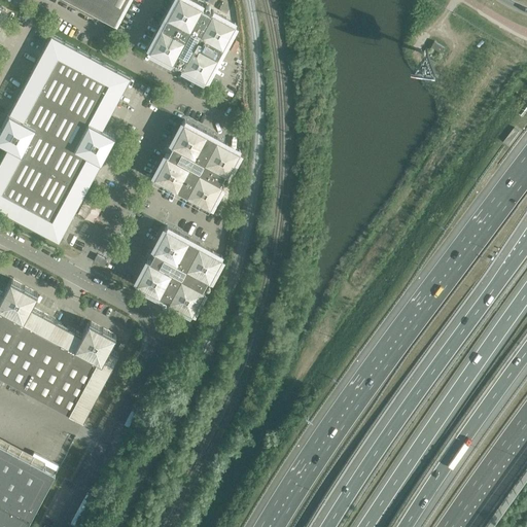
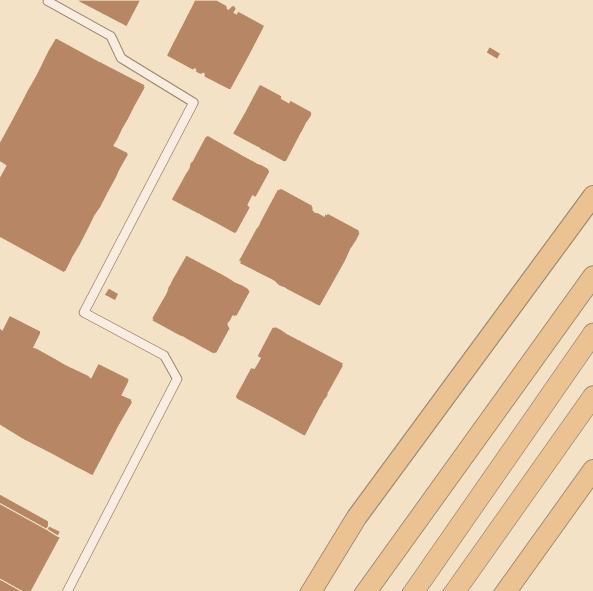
building: none -> [233,84,312,162]
building: none -> [238,188,360,306]
building: none -> [235,326,344,436]

